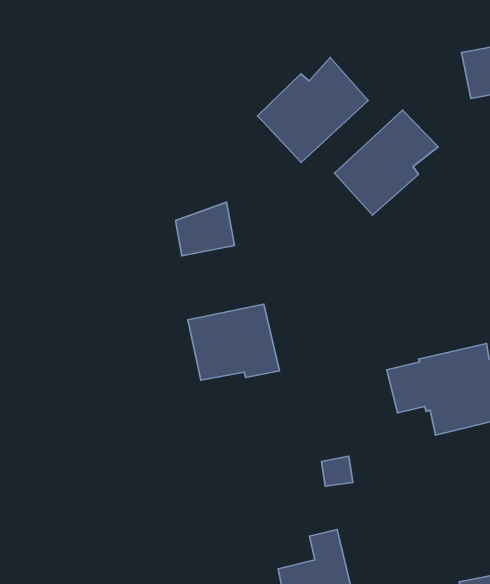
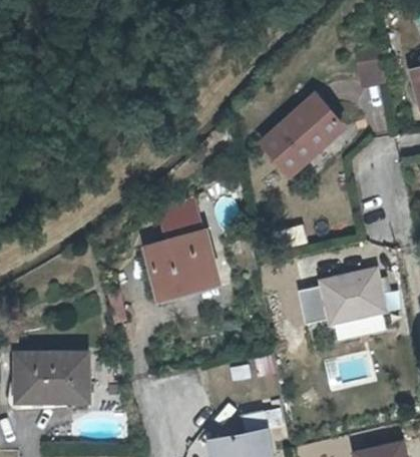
building: [258,58,368,162] -> none
building: [175,202,234,256] -> [160,205,205,247]
building: none -> [13,358,85,406]

